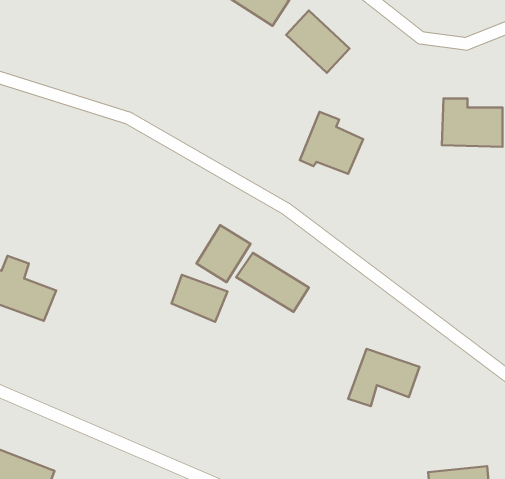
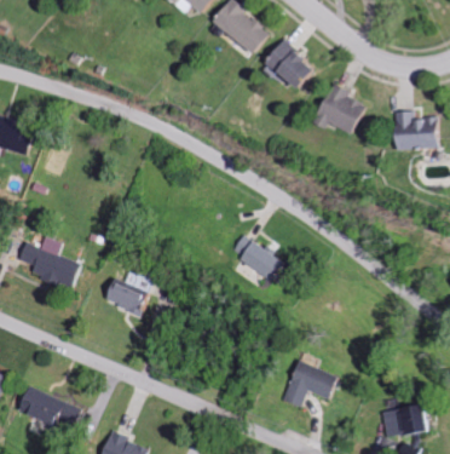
building: [300,112,363,174] -> [316,84,367,133]
building: [196,225,250,282] -> none
building: [171,275,227,322] -> [106,278,151,316]
building: [348,349,419,406] -> [282,361,339,407]

